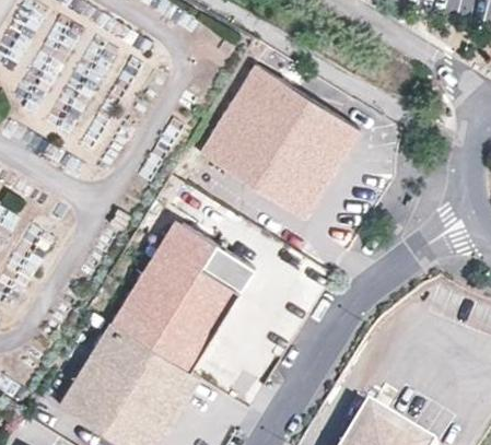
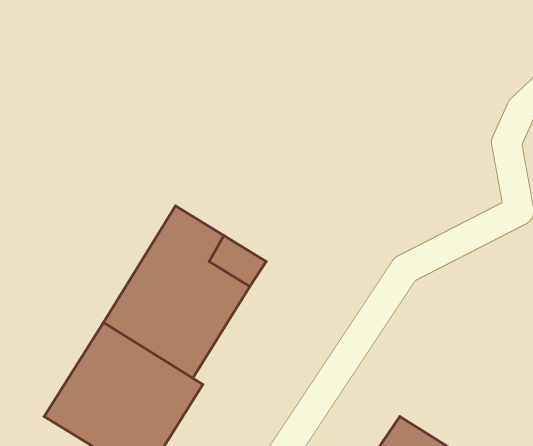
building: [198,65,360,220] -> none

